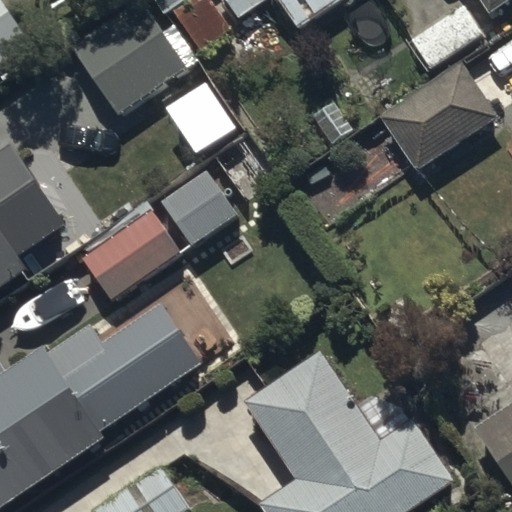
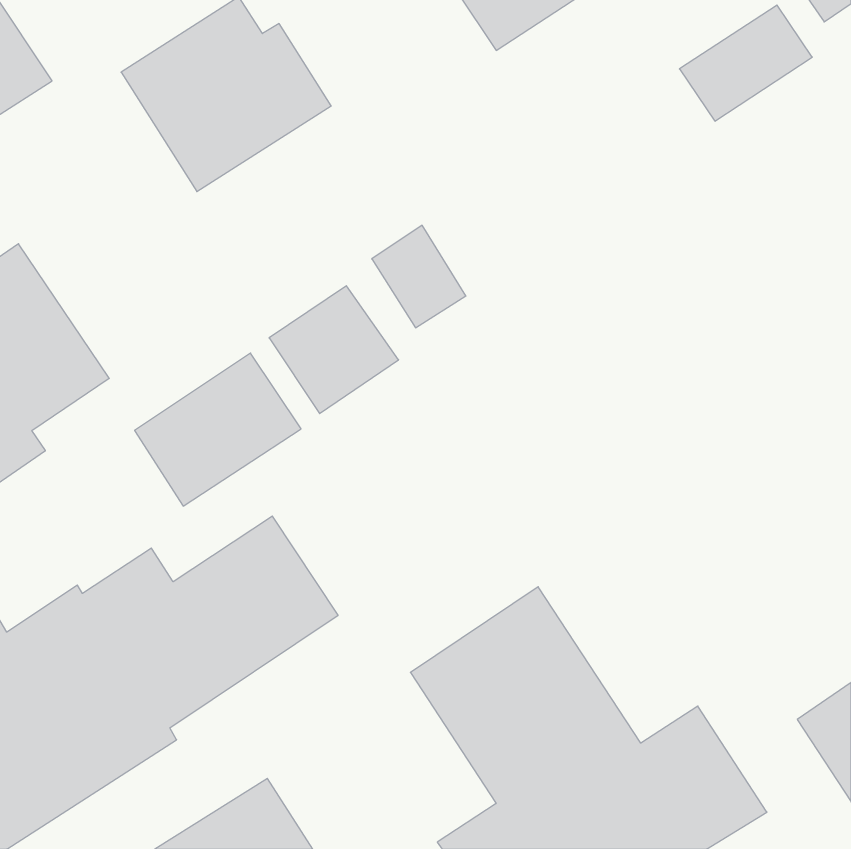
building: [372,59,499,177] -> none

